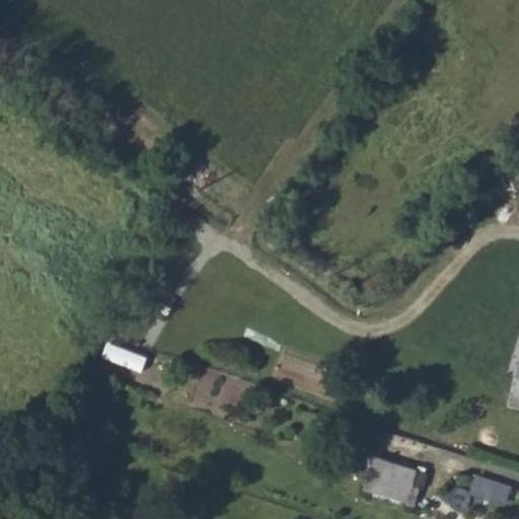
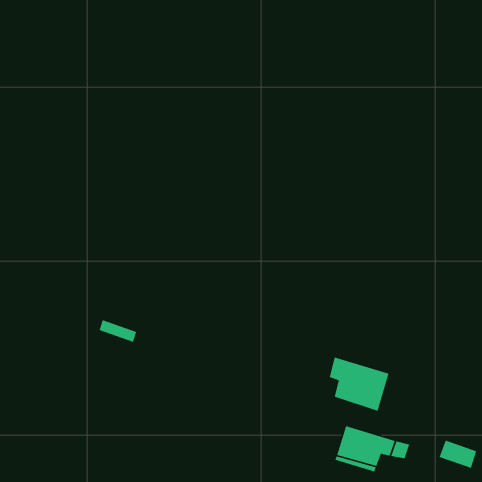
building: none -> [329,356,389,412]

